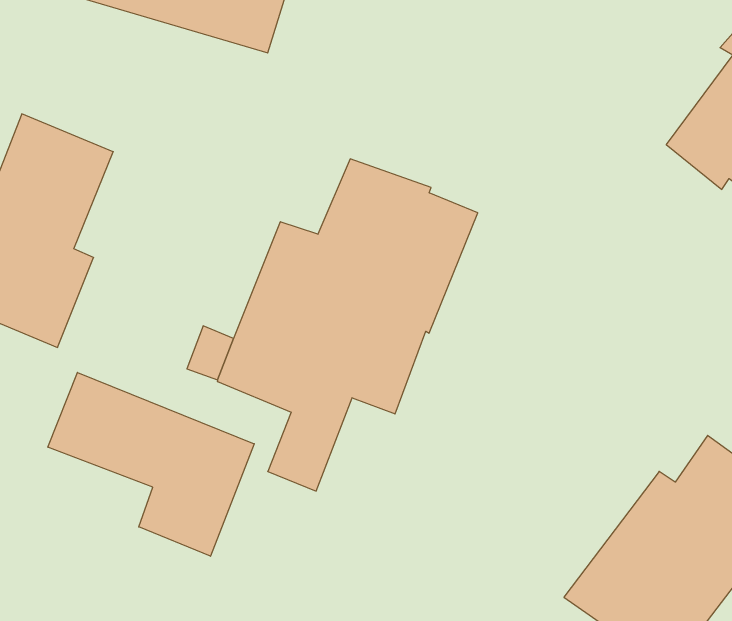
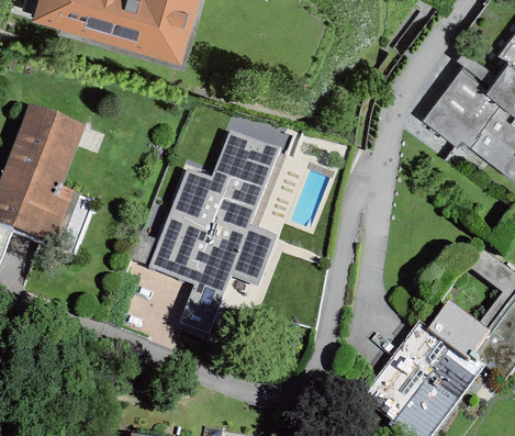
building: [48,372,254,556] -> none

